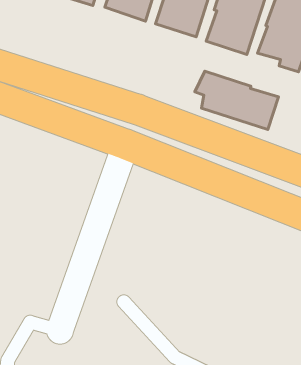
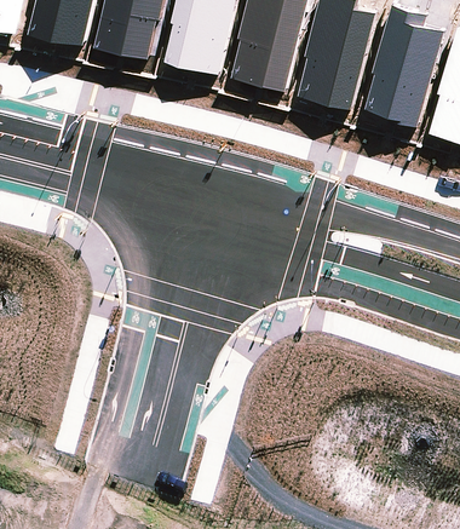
building: [195,71,278,130] -> none

